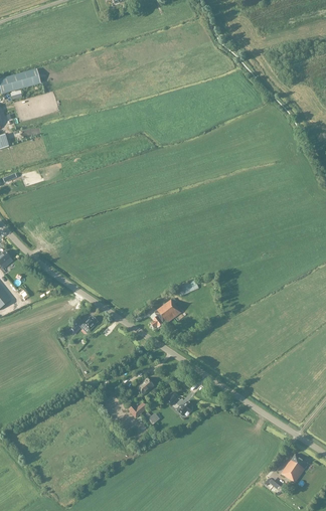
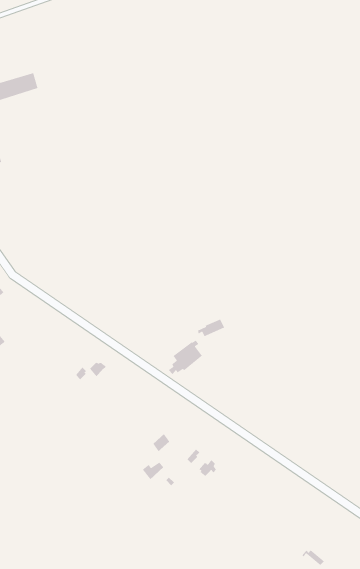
building: [281,455,308,483] -> none

